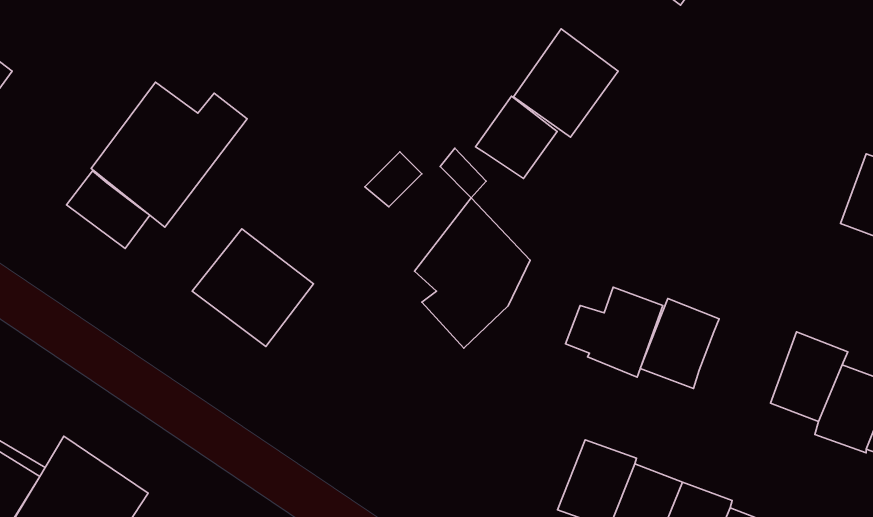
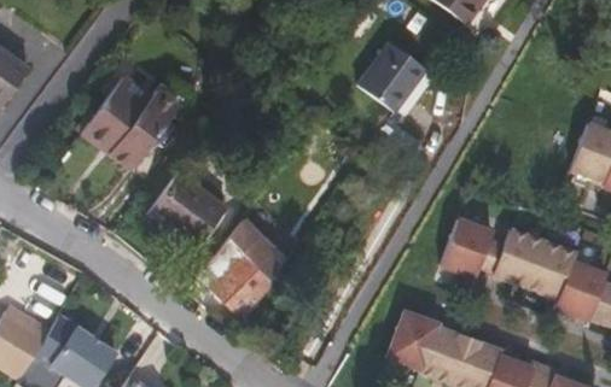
building: [475,96,557,178] -> none
building: [67,171,150,249] -> none
building: [414,198,530,348] -> [205,218,281,317]
building: [566,287,663,377] -> [481,228,545,287]

